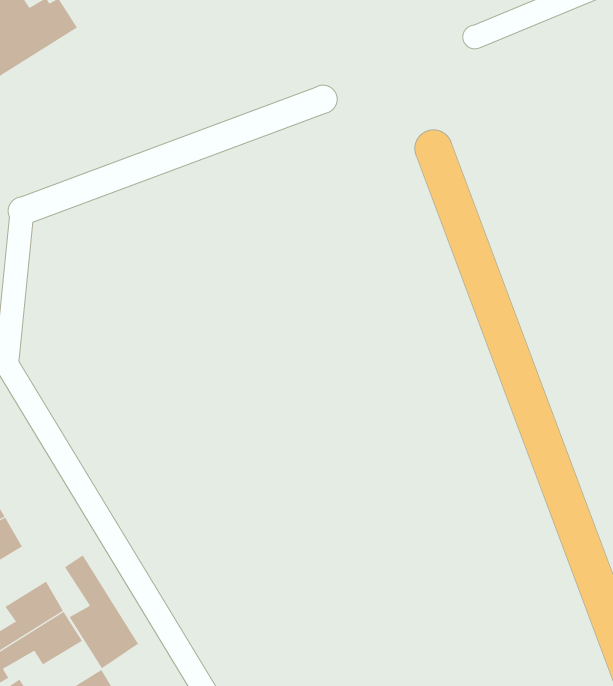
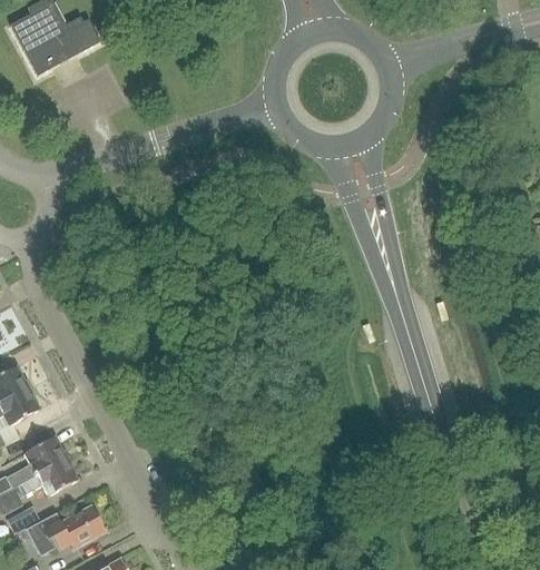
building: [64,554,139,669] -> none

